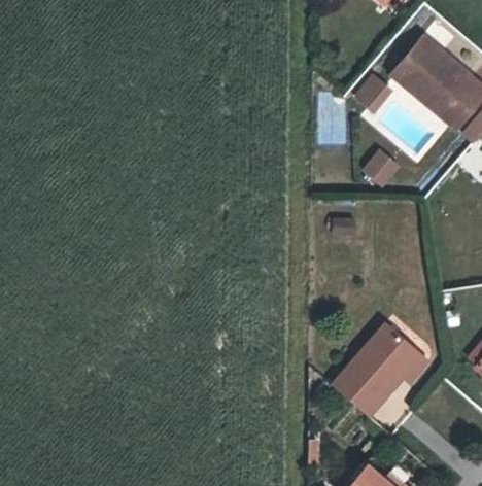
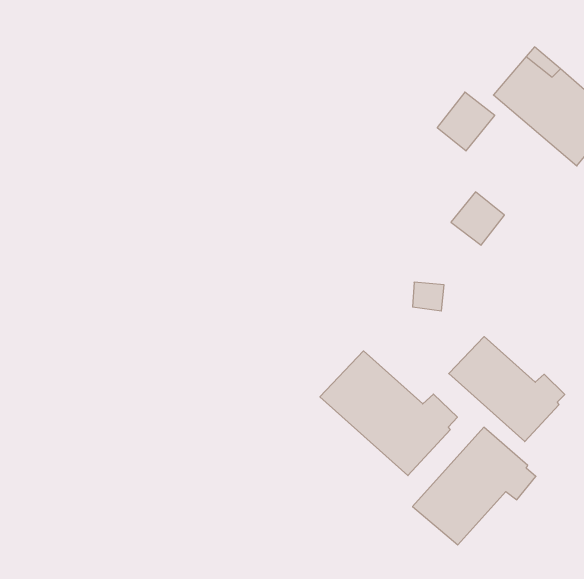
building: none -> [449,337,565,442]
building: none -> [320,351,457,476]

